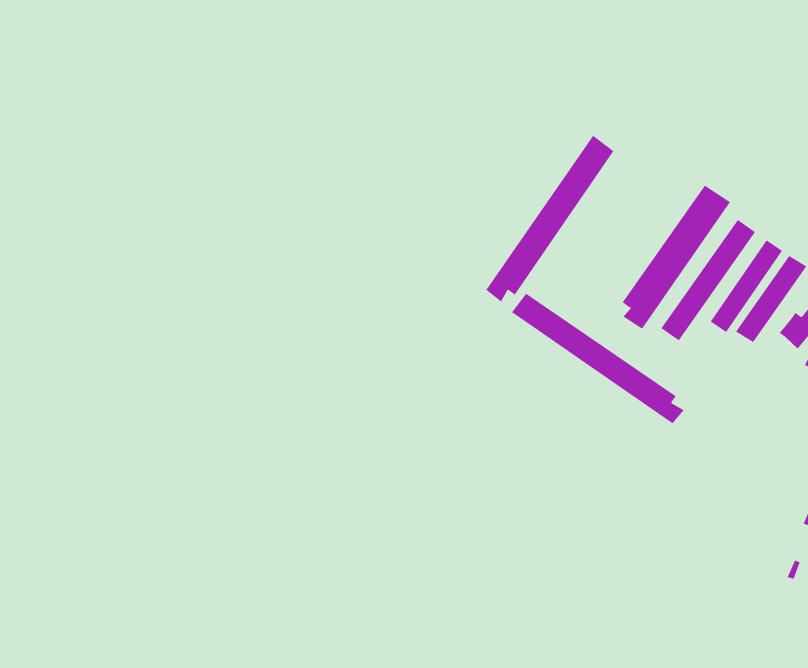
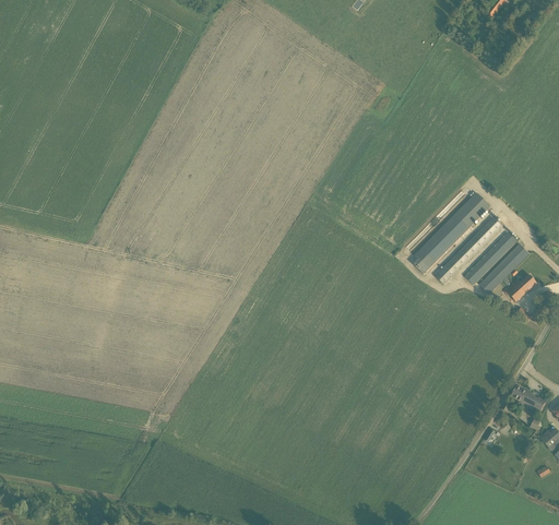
building: [485,135,614,303] -> none
building: [511,293,684,424] -> none

